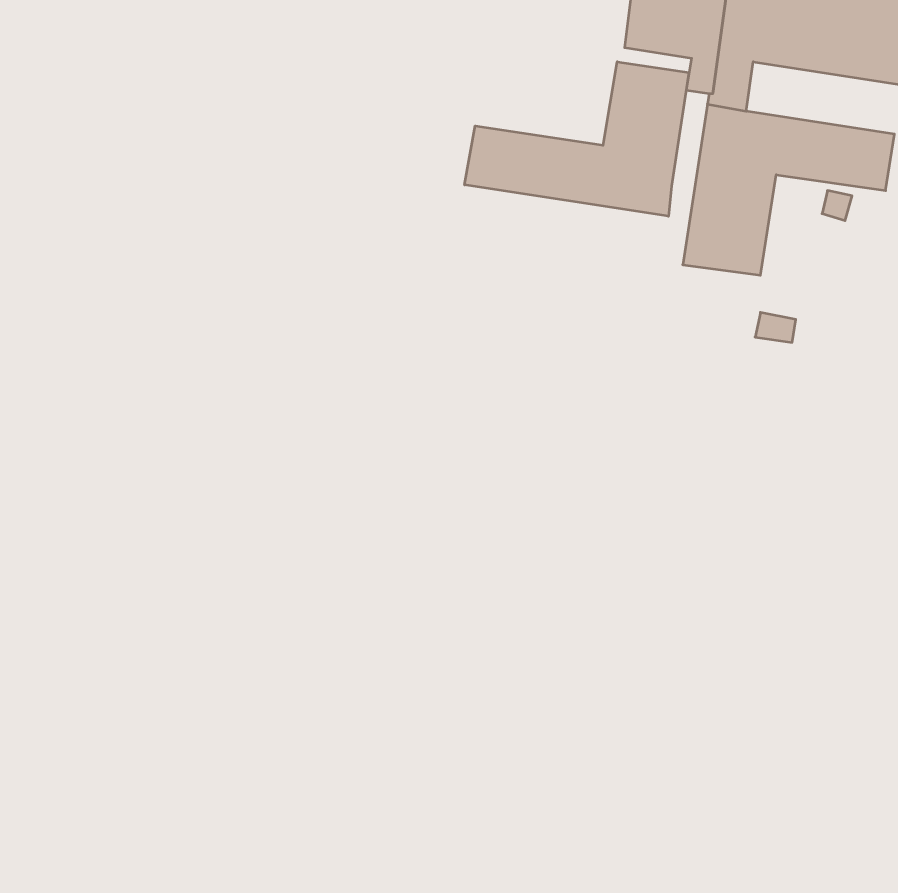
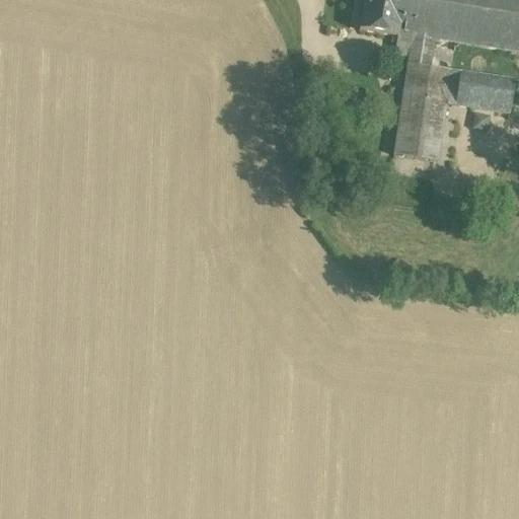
building: [465,62,689,216] -> none

